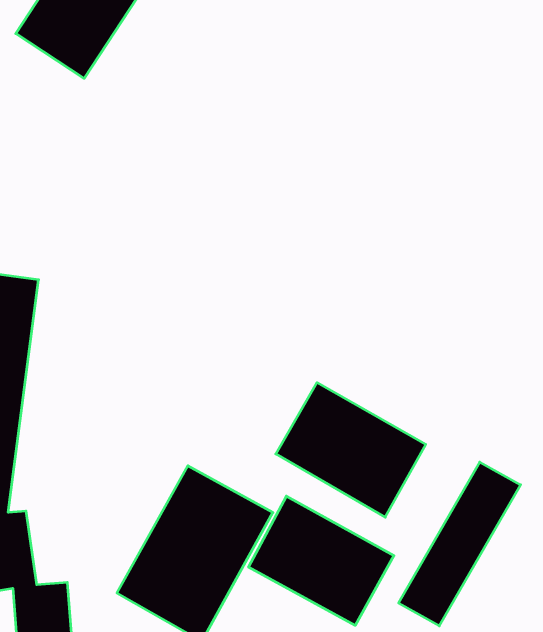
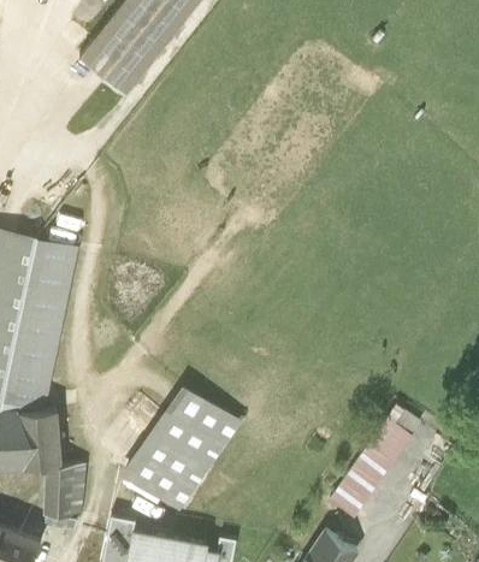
building: [276,383,426,517] -> none
building: [249,496,394,625] -> none

